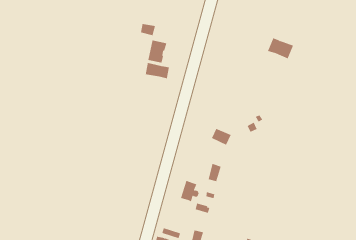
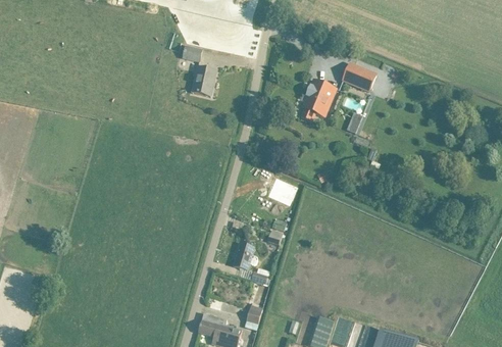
building: none -> [300,79,335,119]
building: [145,62,170,79] -> none

